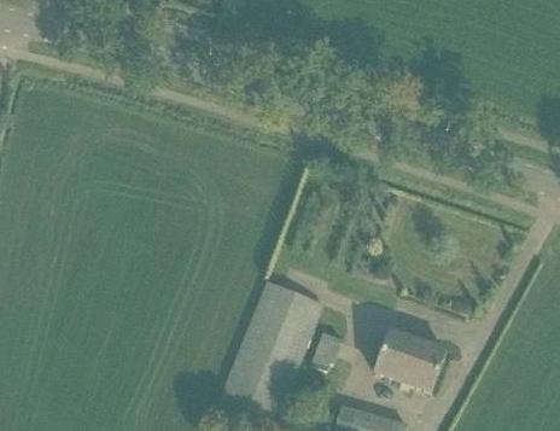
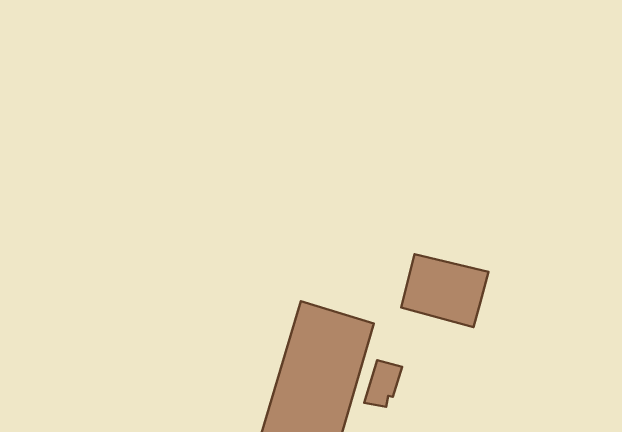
building: [375,327,447,389] -> [401,254,488,327]

